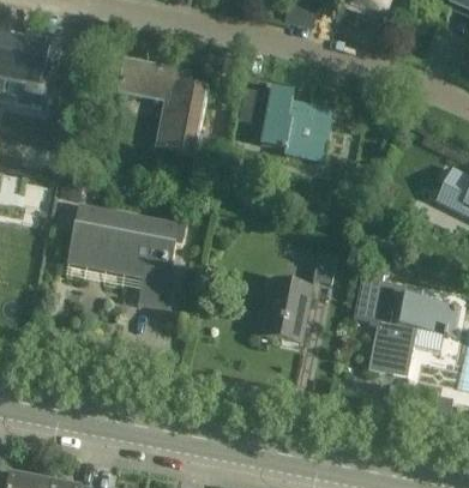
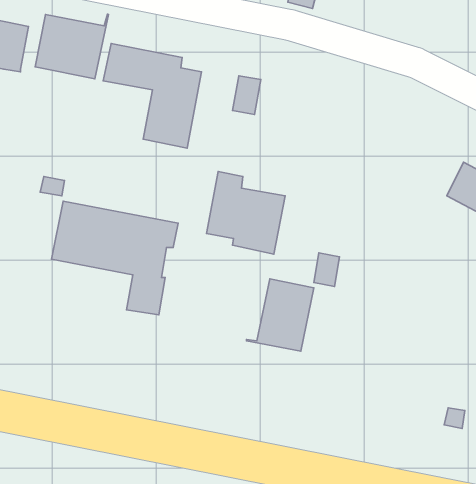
building: none -> [35,14,108,79]
building: [259,84,332,161] -> [207,171,285,254]
building: [353,247,452,375] -> none

